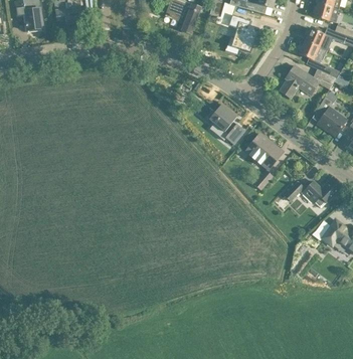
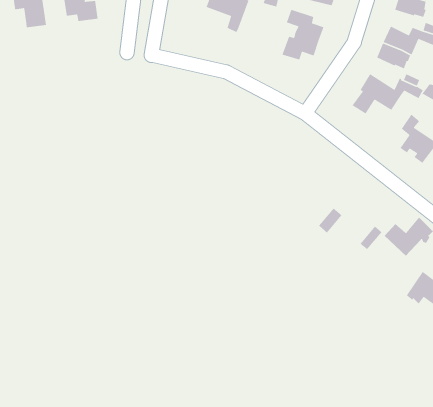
building: [206,103,244,144] -> none
building: [246,134,284,169] -> none

